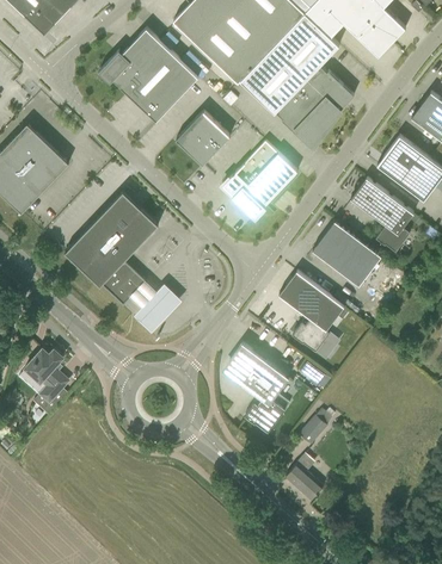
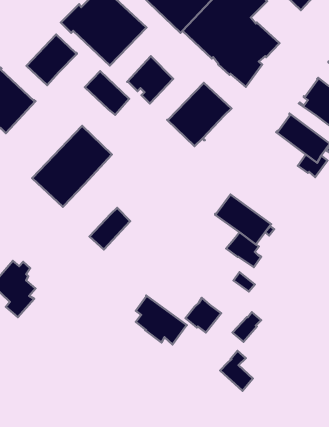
building: none -> [26,34,77,85]
building: none -> [85,71,129,115]
building: [312,222,381,286] -> none
building: [102,261,146,306] -> none
building: [229,343,289,401] -> [136,295,187,344]

